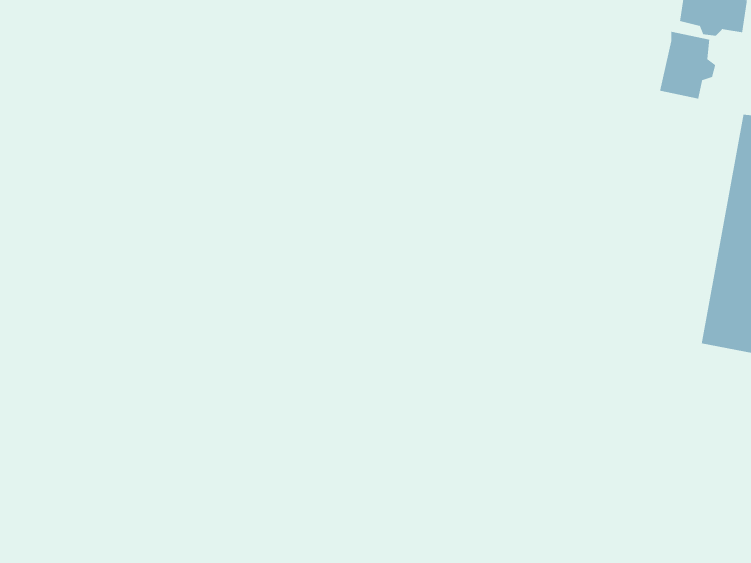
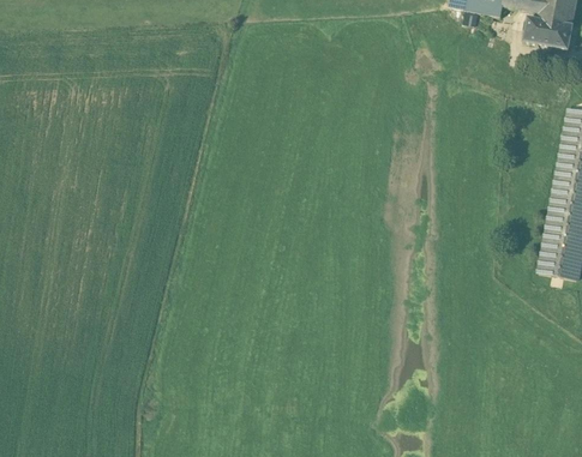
building: [659,31,716,100] -> none

